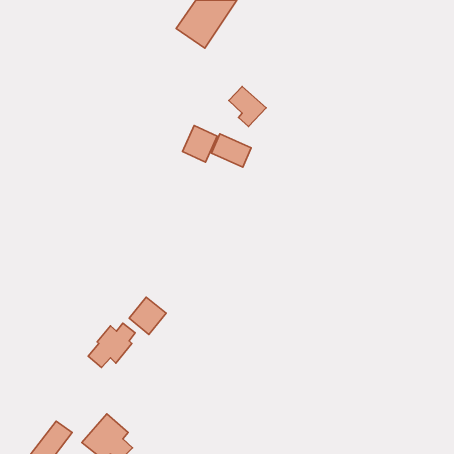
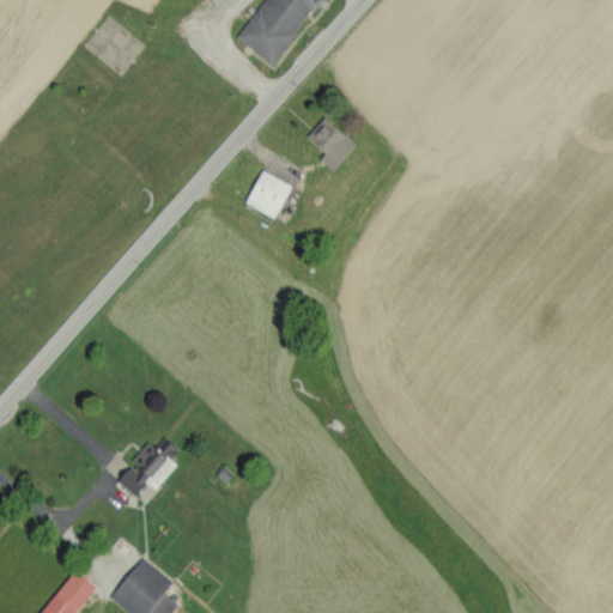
building: [212,134,251,167] -> none
building: [129,297,166,335] -> none

